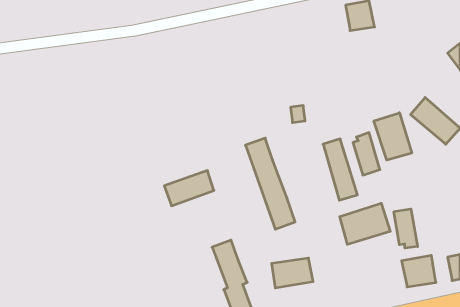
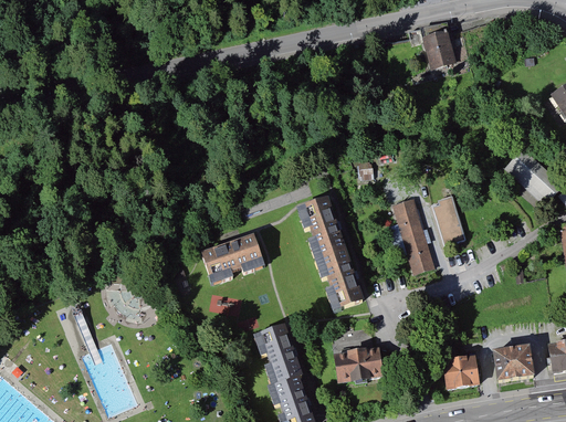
building: [374,113,412,160] -> none
building: [340,203,390,244] -> none
building: [394,209,418,248] -> none
building: none -> [443,355,478,388]

